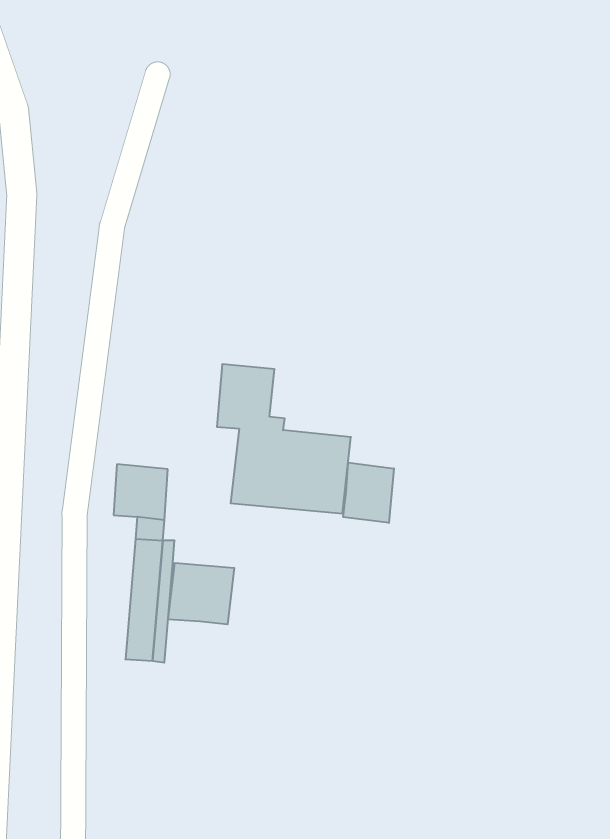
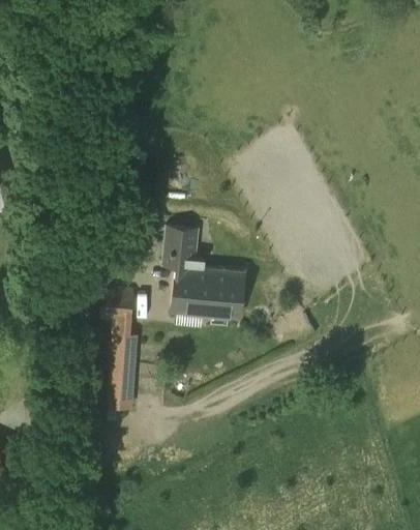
building: [343,462,394,523] -> none
building: [168,563,234,624] -> none

